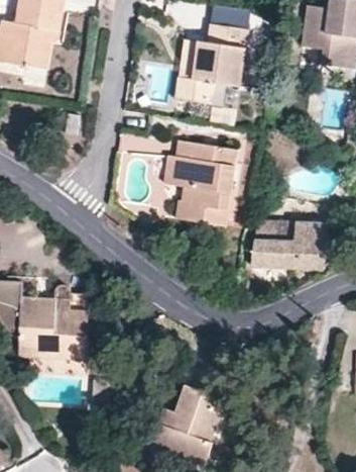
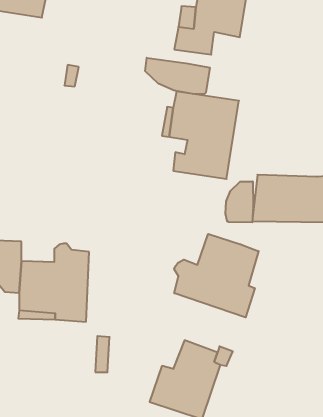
building: none -> [145,58,210,94]
building: none -> [226,181,253,222]
building: none -> [174,234,259,317]

